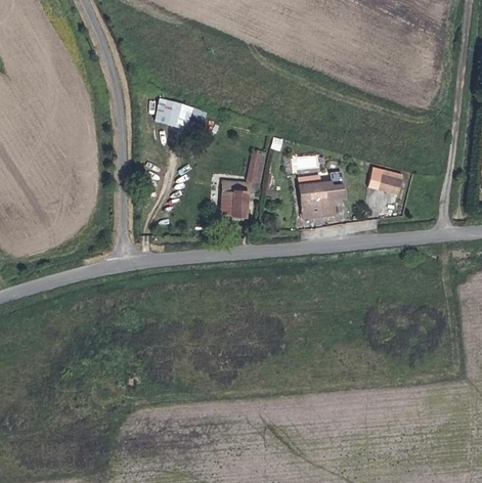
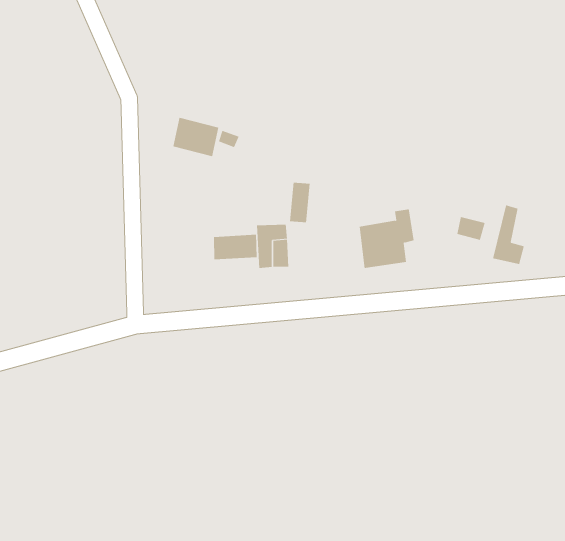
building: none -> [492,205,525,265]
building: none -> [213,234,257,260]

